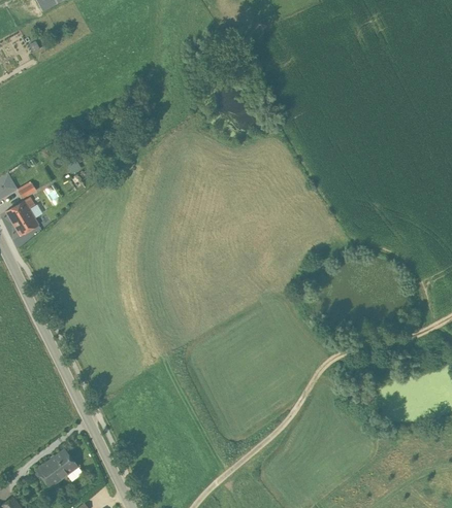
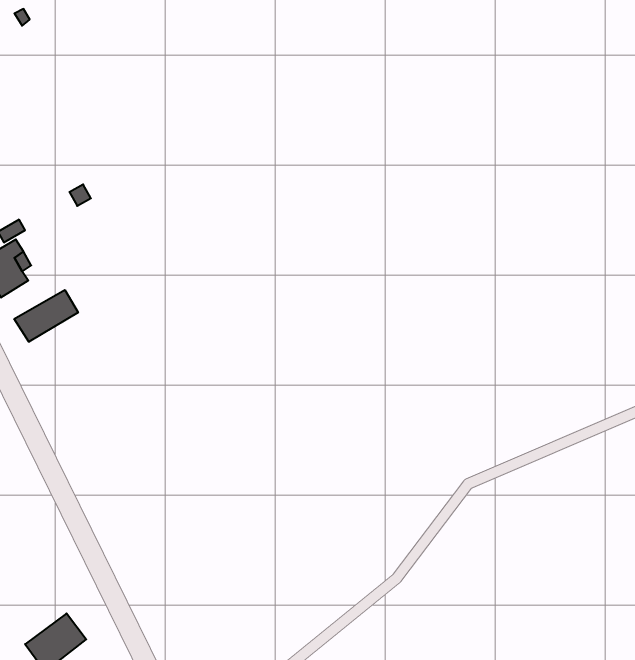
building: none -> [14,290,78,342]

